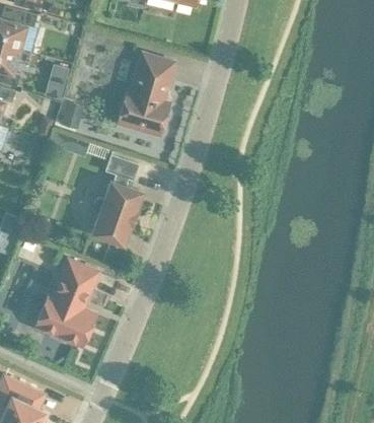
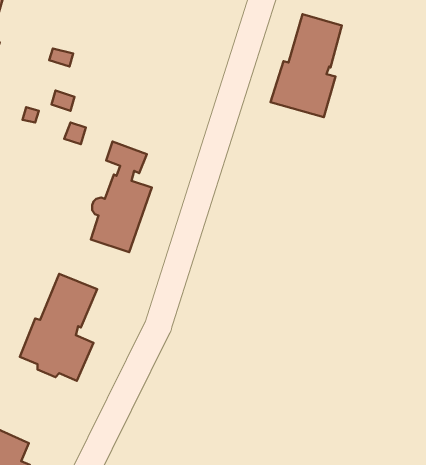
building: [118,53,174,135] -> [271,14,342,117]

